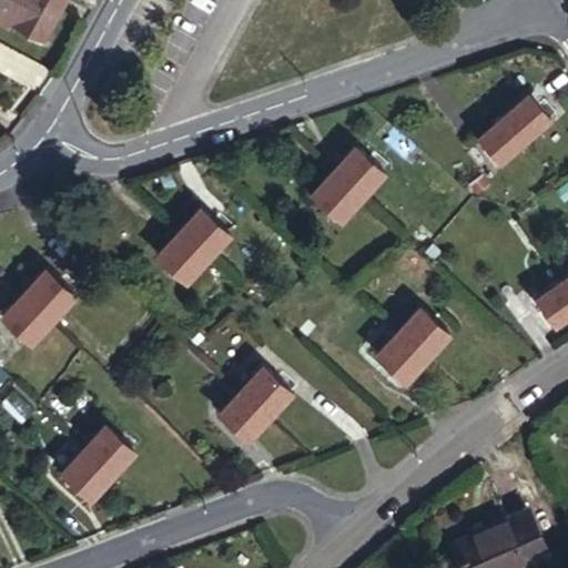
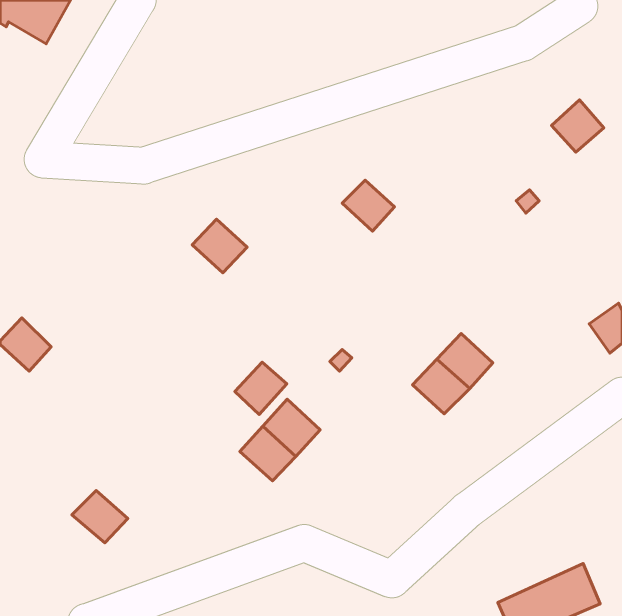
building: [478,120,525,165] -> none
building: [333,146,383,194] -> none
building: [155,229,203,276] -> none
building: [20,271,71,322] -> none
building: none -> [235,362,287,415]
building: [88,430,136,478] -> none

